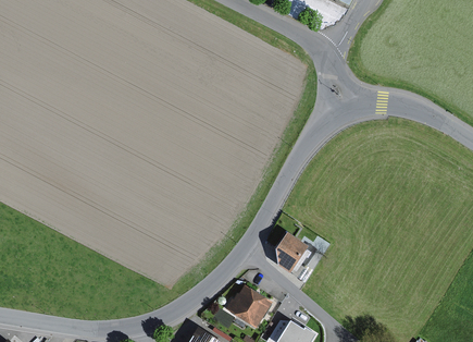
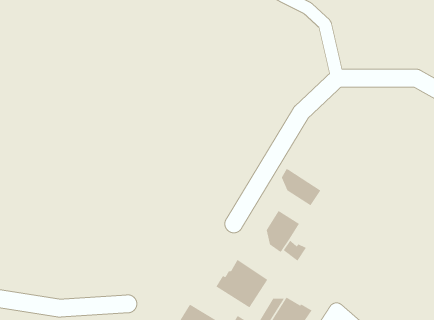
building: none -> [281,168,321,206]

